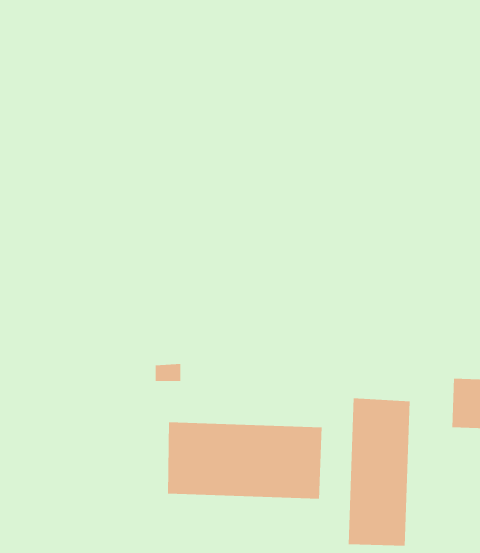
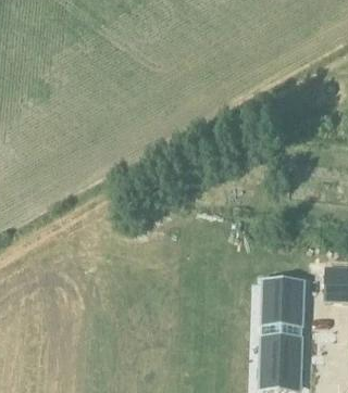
building: [167,422,322,499] -> none

